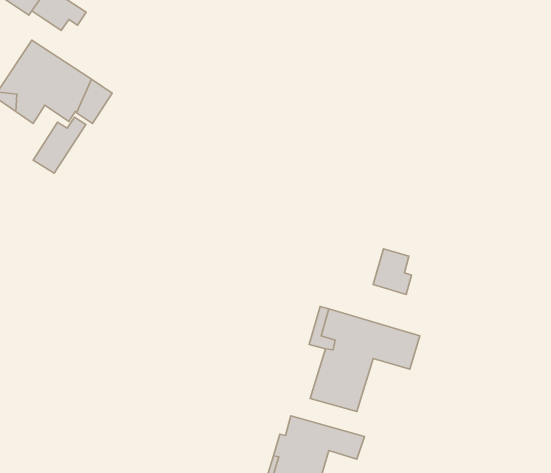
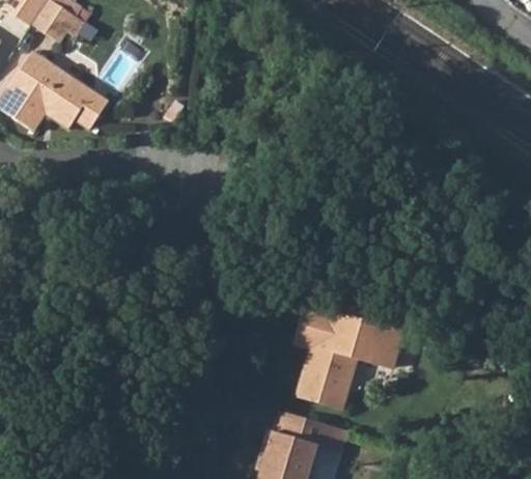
building: [33,117,86,173] -> none
building: [373,249,412,295] -> none

